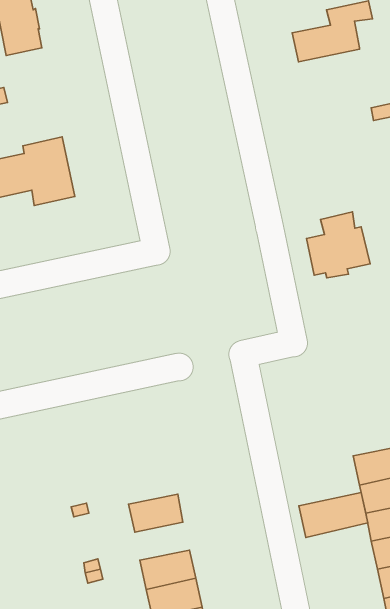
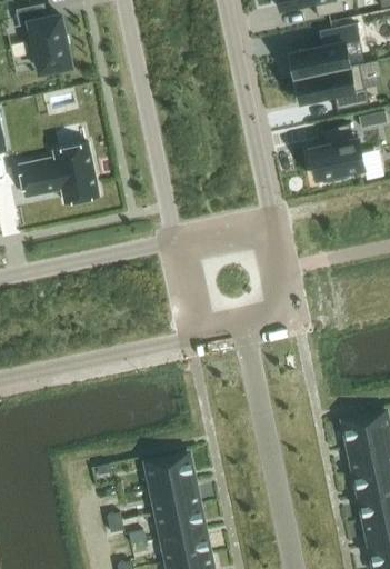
building: none -> [294,62,368,110]
building: [307,212,370,278] -> [309,124,364,182]
building: [299,492,368,537] -> none
building: none -> [151,479,199,512]

